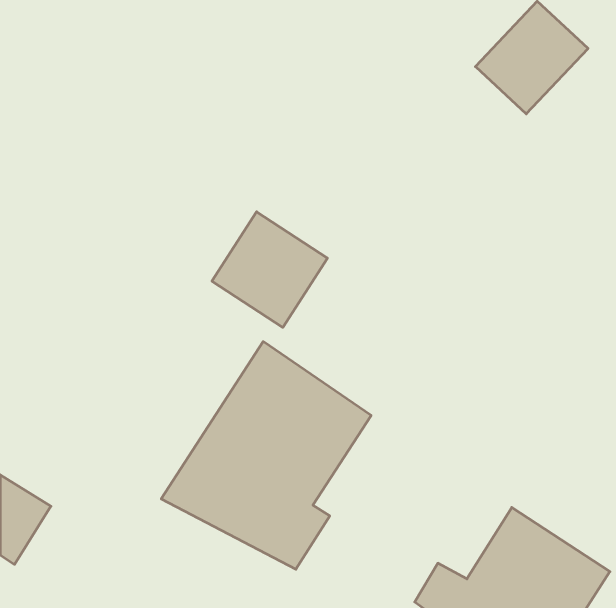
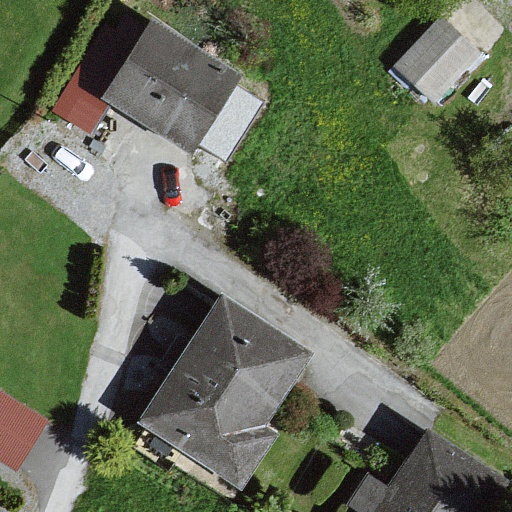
building: none -> [109,34,243,167]
building: [212,212,327,327] -> none

